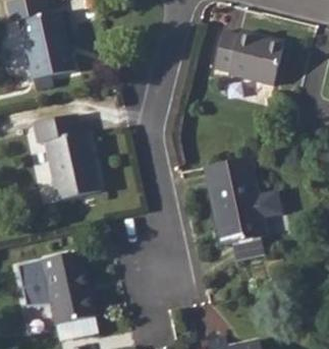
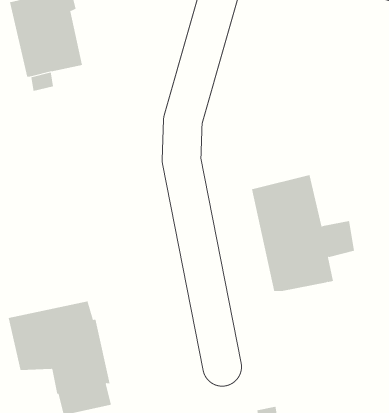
building: [213,32,285,88] -> none
building: [32,115,99,200] -> none

